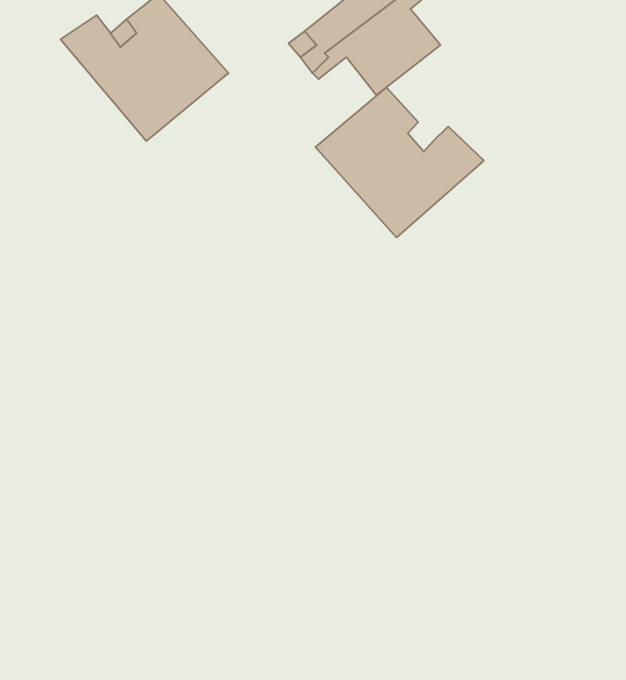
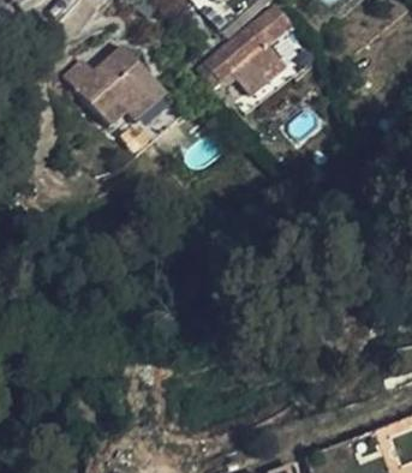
building: [316,87,484,237] -> none

